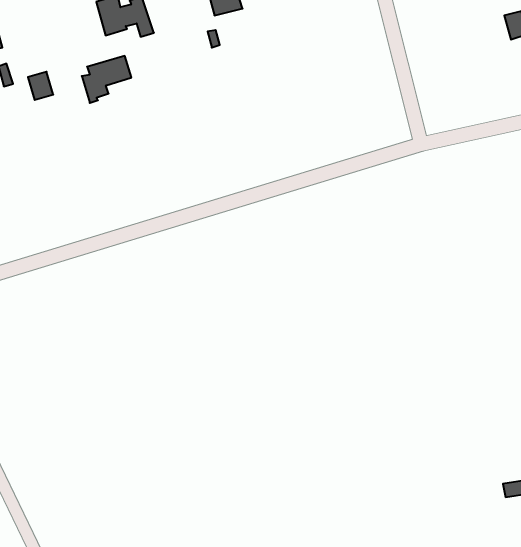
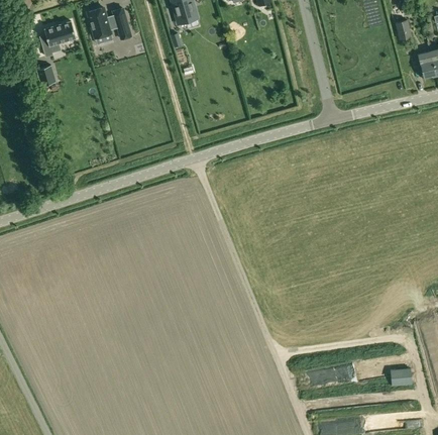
building: [82,56,131,103] -> [37,22,75,58]

